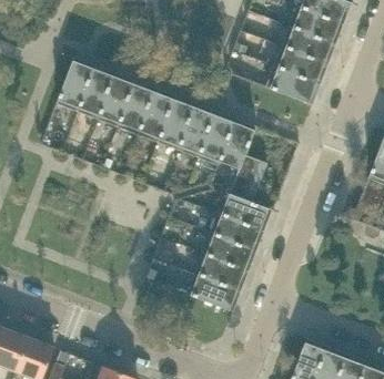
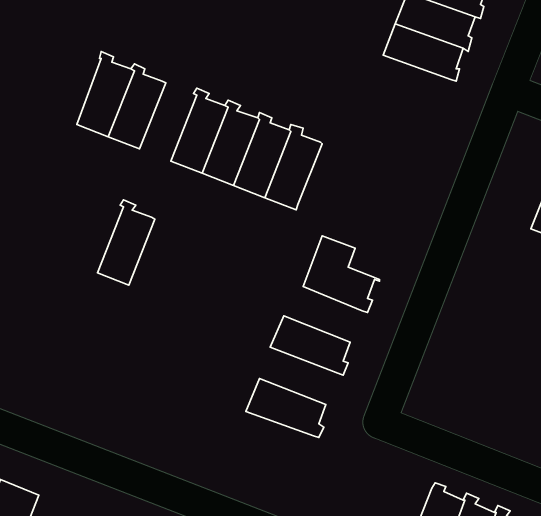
building: [57,57,94,111] -> none
building: [266,66,317,104] -> none
building: [119,80,155,134] -> [97,200,155,285]
building: [220,119,267,190] -> none
building: [211,213,261,250] -> none
building: [195,253,245,290] -> none

